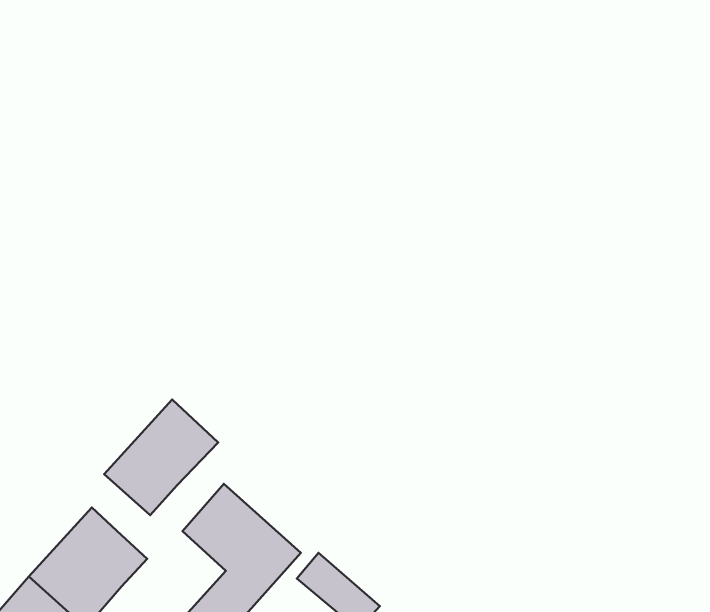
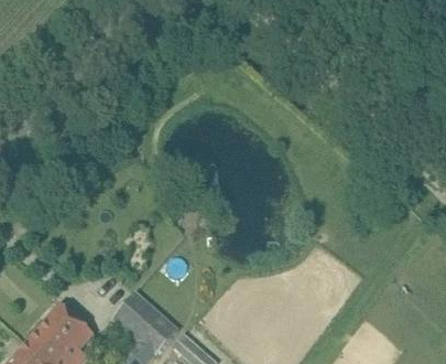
building: [104,400,218,515] -> none

